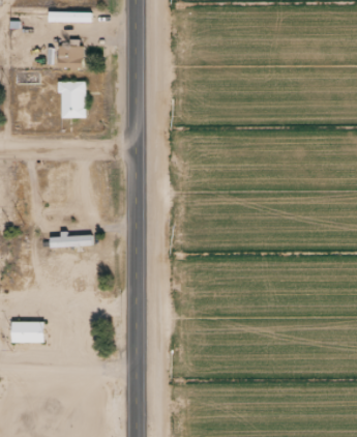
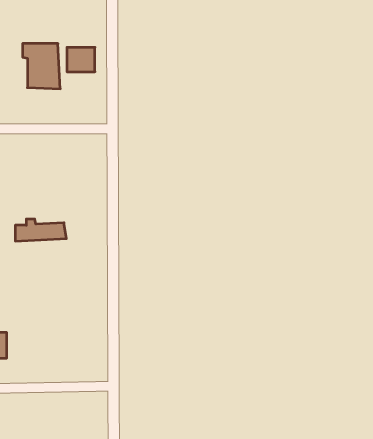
building: [57,50,81,70] -> [67,47,95,72]

